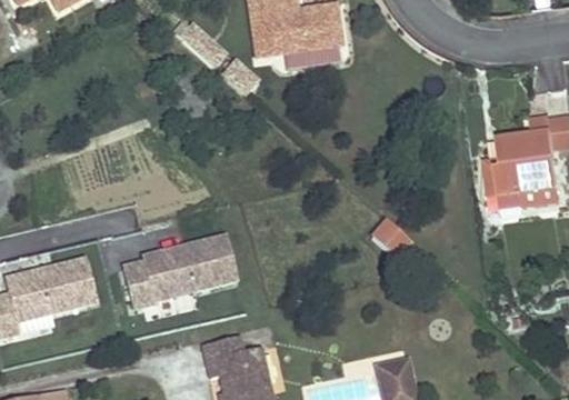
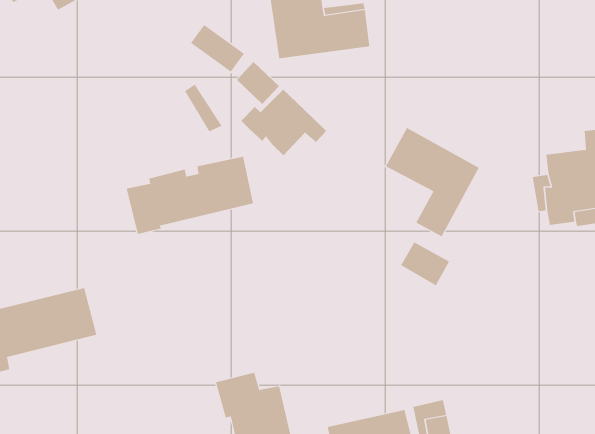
building: none -> [240,89,327,156]
building: none -> [385,127,479,237]
building: [120,237,234,307] -> [126,156,254,235]

